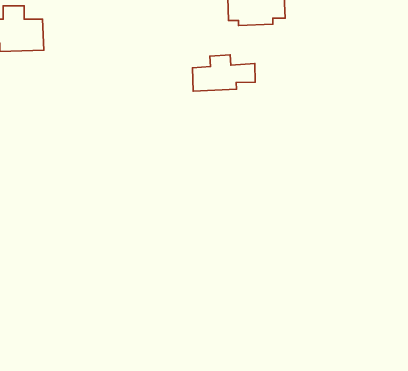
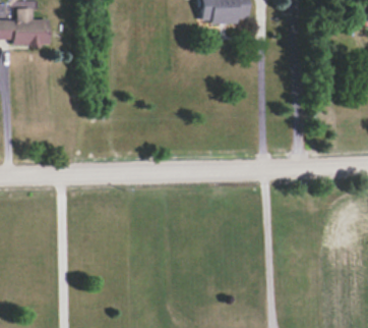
building: [193,55,255,91] -> none

